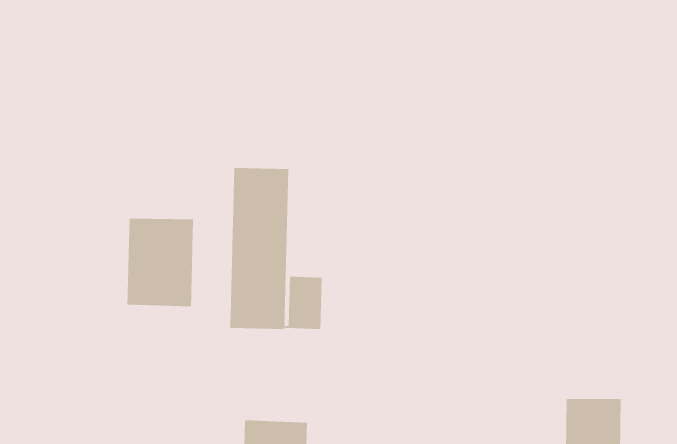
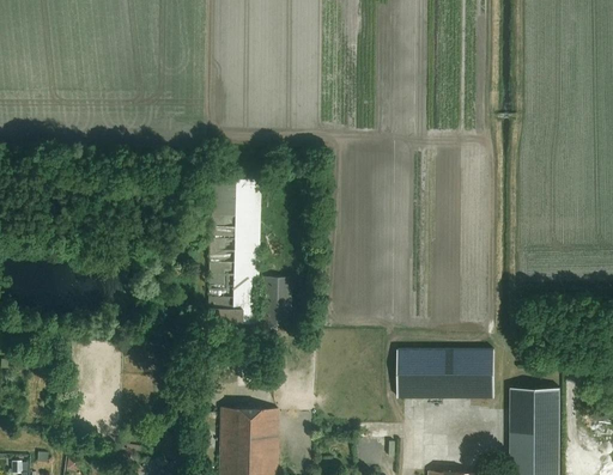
building: [127,218,194,307] -> none
building: none -> [396,349,493,398]

